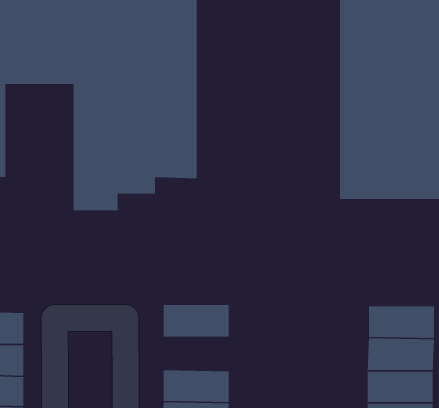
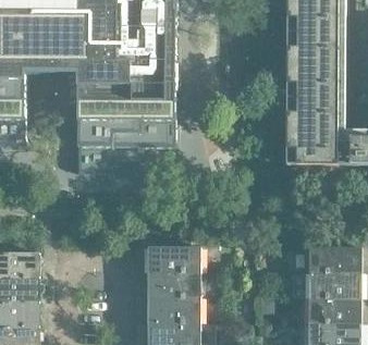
building: none -> [148,271,200,297]

